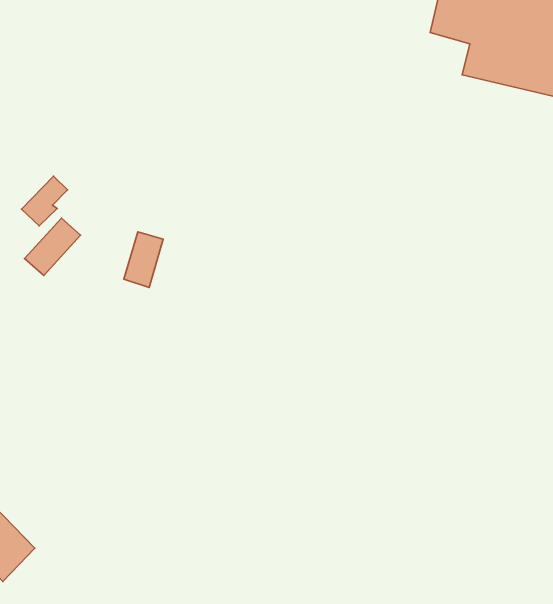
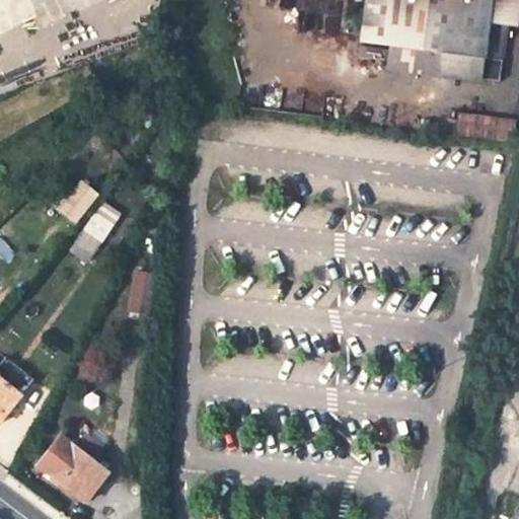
building: [124,232,163,288] -> [131,277,157,318]

